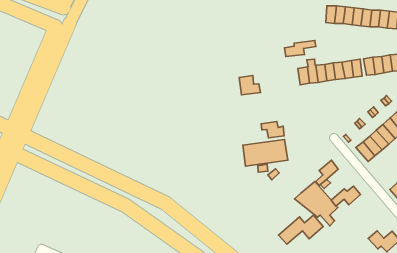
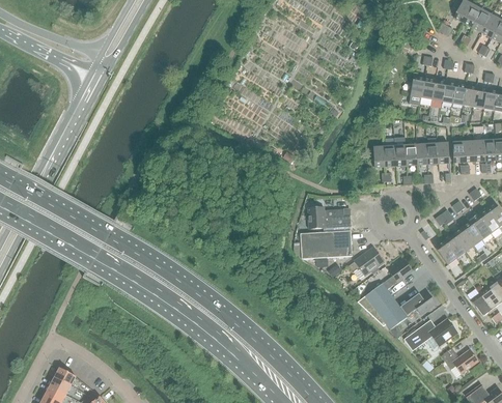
building: [284,40,316,57] -> none
building: [239,75,260,95] -> [308,206,332,228]
building: none -> [348,248,384,275]
building: [278,215,323,244] -> [403,318,457,350]

